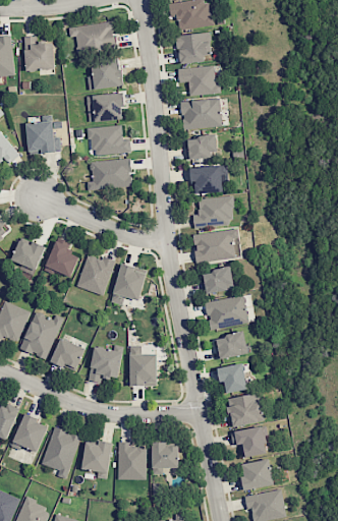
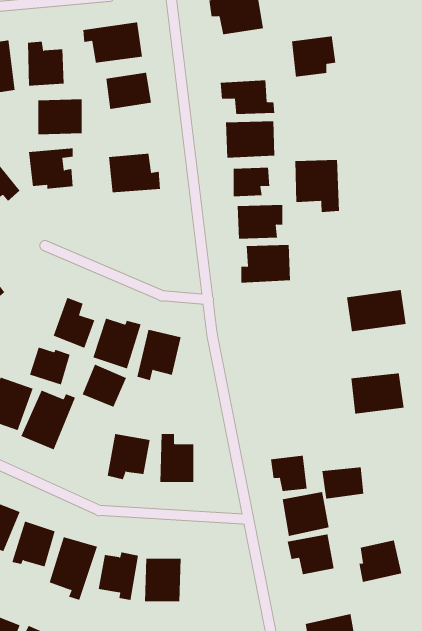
building: [176,32,212,64] -> [291,36,336,77]
building: [88,93,123,121] -> [38,99,83,135]
building: none -> [295,159,340,213]
building: [89,159,131,187] -> none
building: [192,229,240,263] -> [346,289,407,332]
building: [11,239,44,270] -> [29,347,70,385]
building: [202,267,234,294] -> none
building: [206,296,248,329] -> [350,373,405,414]
building: [213,333,246,358] -> [322,467,364,499]
building: [50,337,86,371] -> [82,364,127,407]
building: [152,442,179,473] -> none
building: [240,458,275,491] -> [358,540,402,582]

